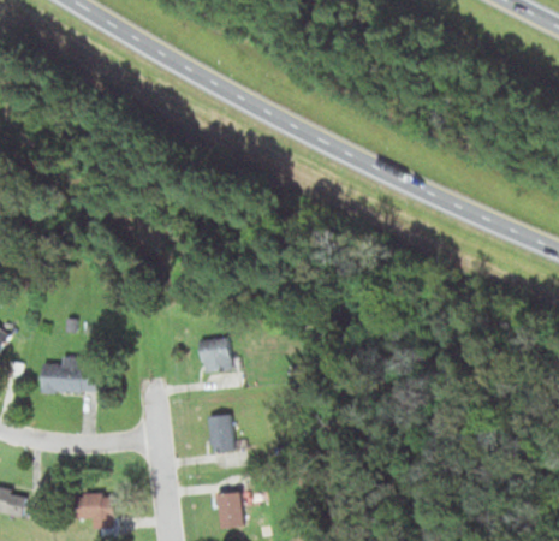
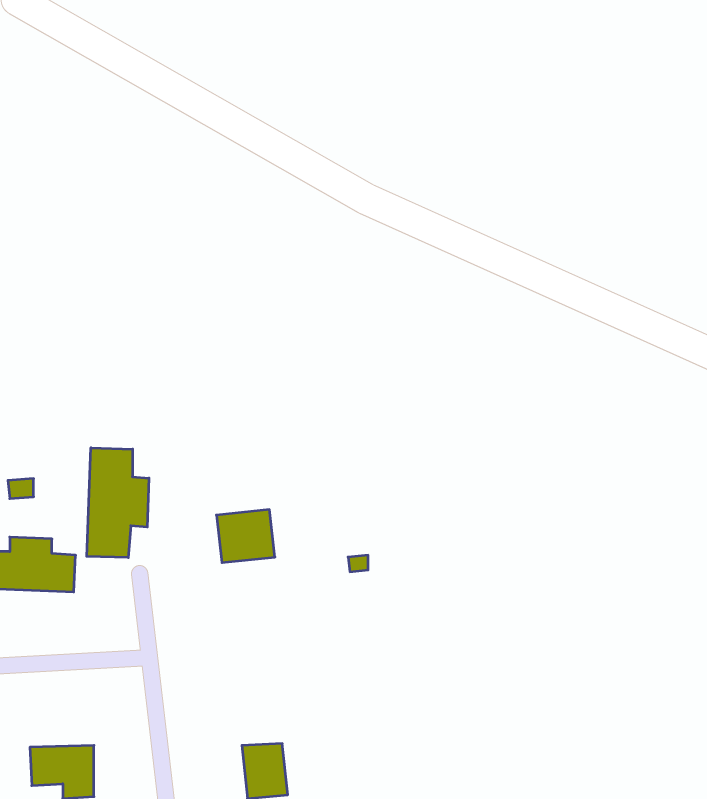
building: none -> [87,448,149,558]
building: [206,415,236,454] -> none

